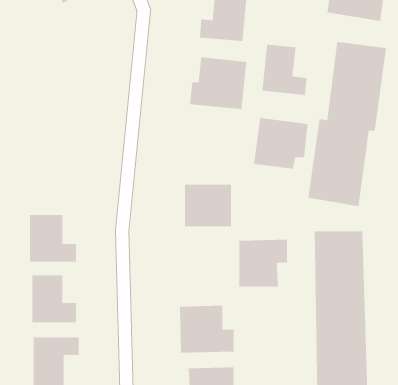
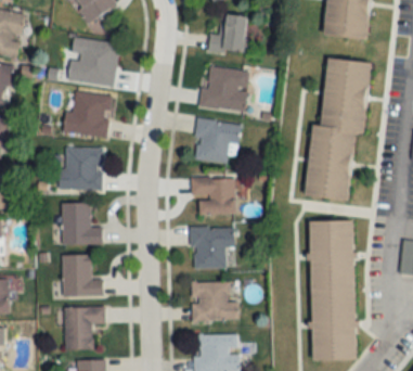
building: none -> [69,39,119,88]
building: [262,44,307,96] -> none
building: none -> [65,93,112,138]
building: [253,118,309,169] -> [193,119,241,164]
building: none -> [62,149,103,190]
building: [239,239,288,287] -> [192,227,234,268]

